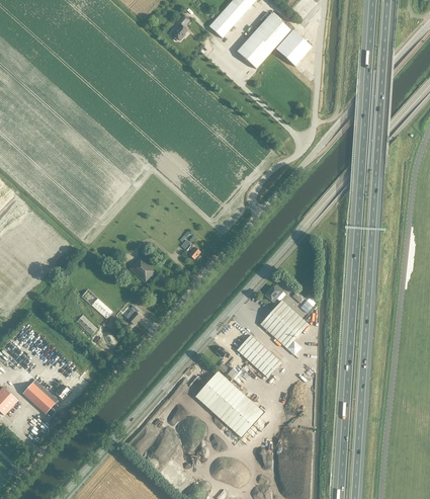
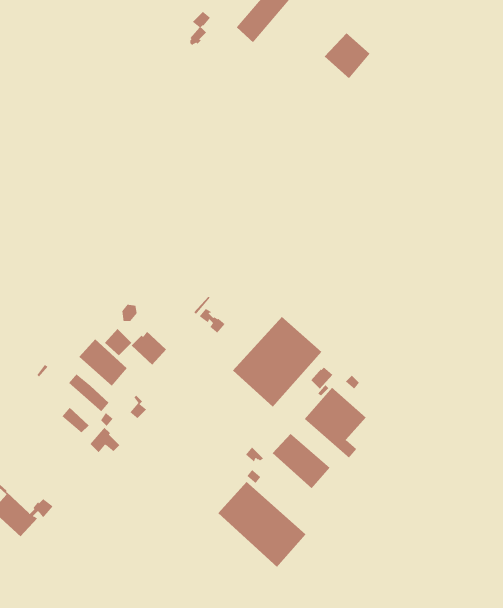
building: [236,12,289,68] -> none
building: none -> [232,316,322,408]
building: none -> [79,339,127,386]

